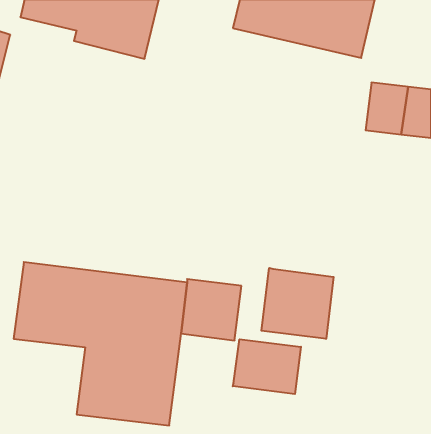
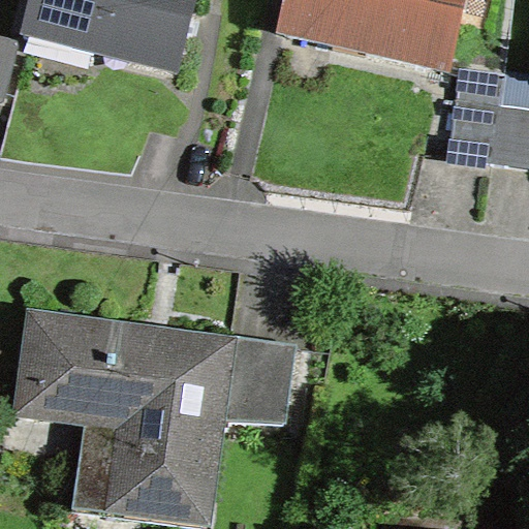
building: [261,268,334,339] -> none
building: [233,339,301,394] -> none

